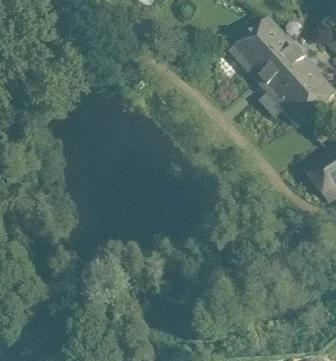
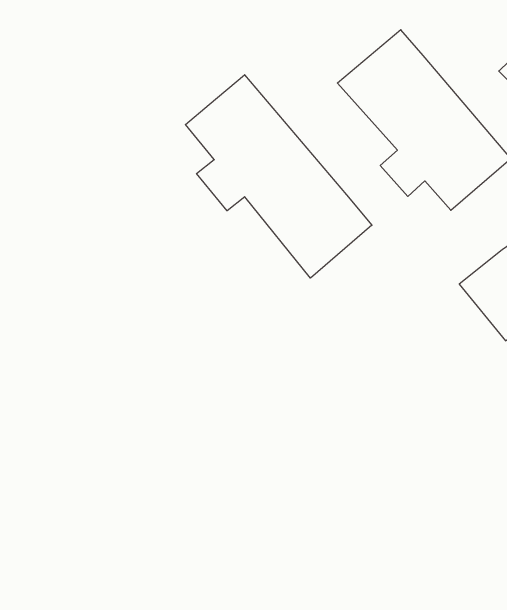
building: none -> [185,75,372,278]

